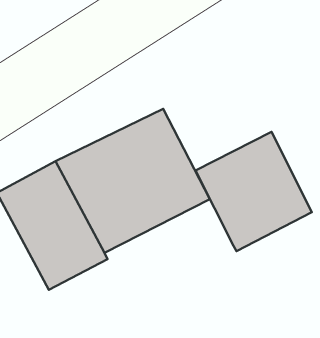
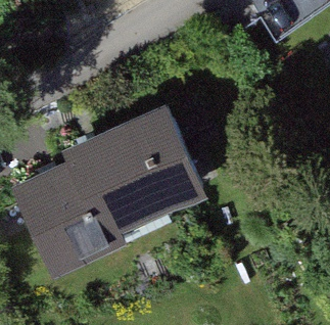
building: [195,132,312,251] -> none

